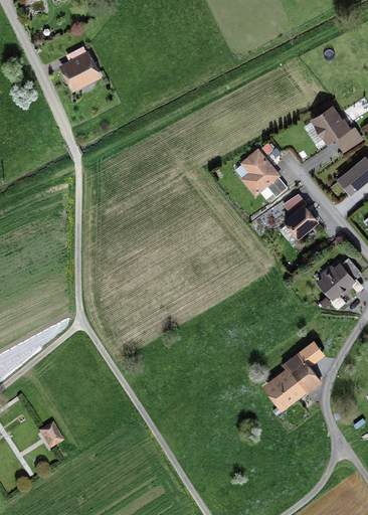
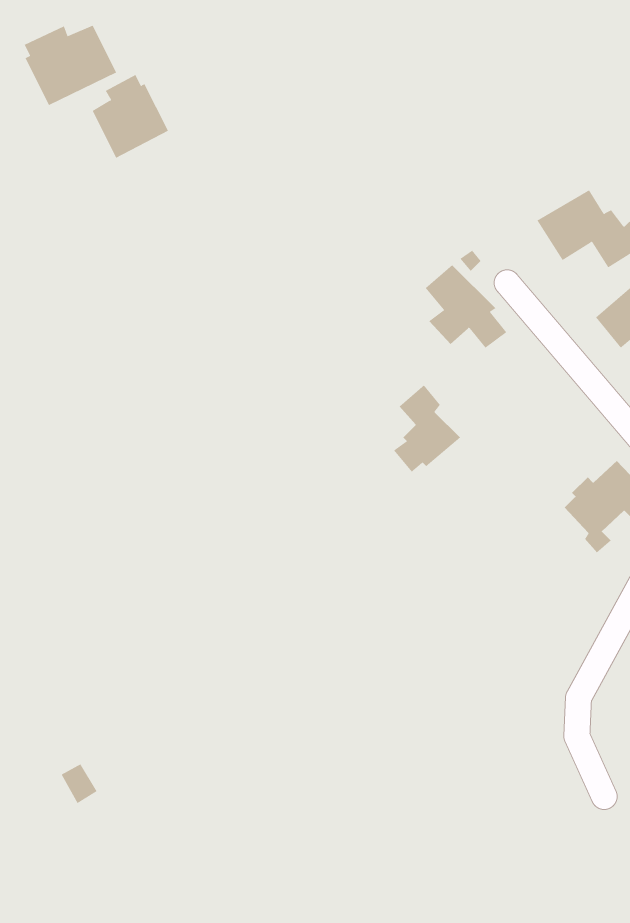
building: none -> [24,25,117,106]
building: [280,192,317,240] -> [393,385,461,472]
building: [266,342,322,405] -> none

